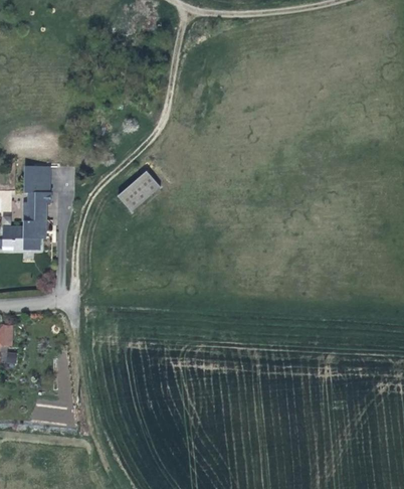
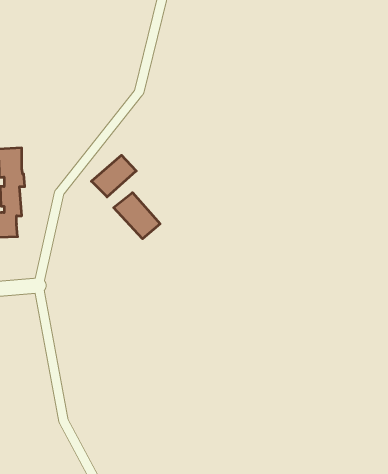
building: none -> [114,193,160,239]

